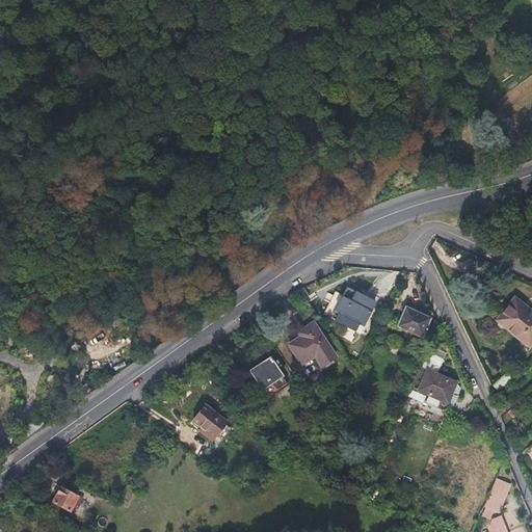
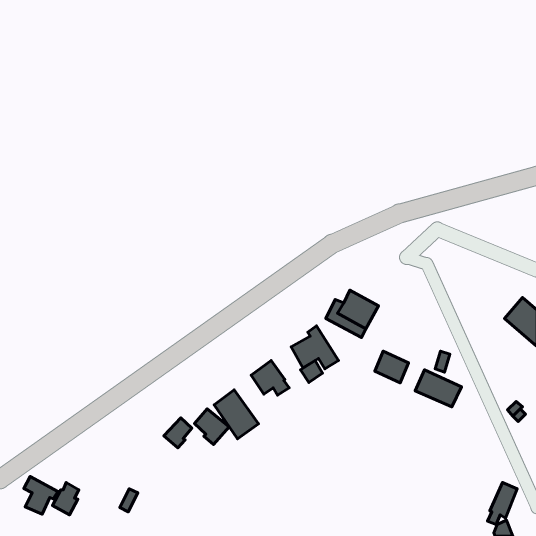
building: [398,305,431,337] -> [375,351,408,383]
building: none -> [214,390,259,439]
building: none -> [164,418,192,448]
building: none -> [24,477,58,514]

